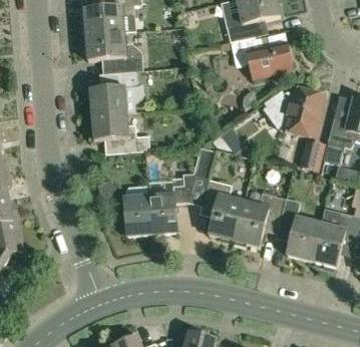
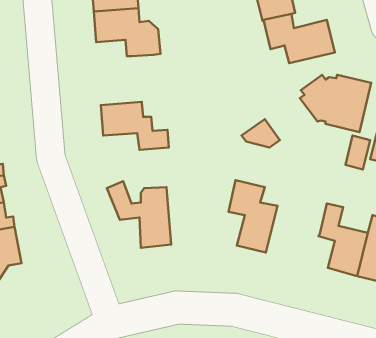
building: [89,71,143,114] -> none
building: [148,173,208,234] -> none
building: [233,193,285,248] -> none

